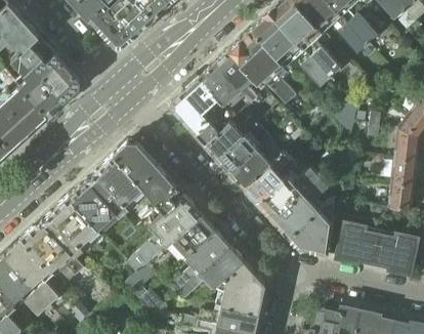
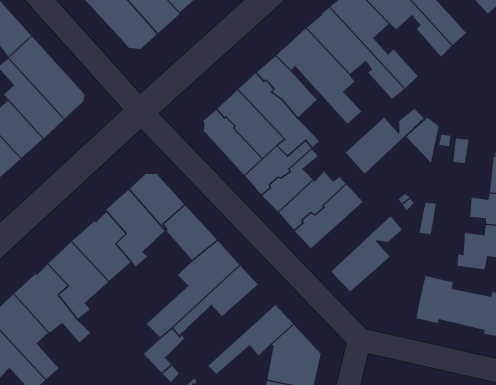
building: [256,167,319,219] -> [345,108,425,175]
building: [287,198,333,254] -> none
building: [169,229,228,293] -> none

